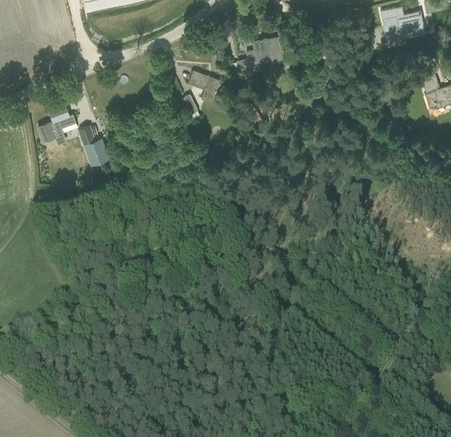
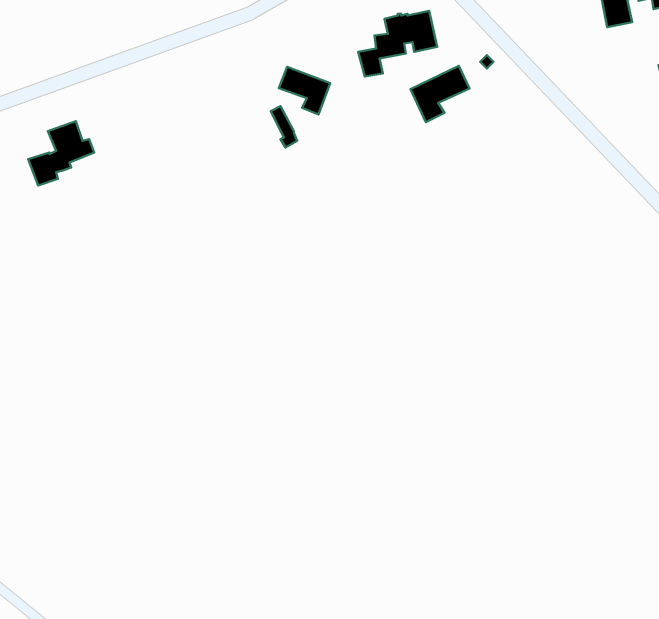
building: none -> [410,66,470,122]
building: [79,126,109,167] -> none

